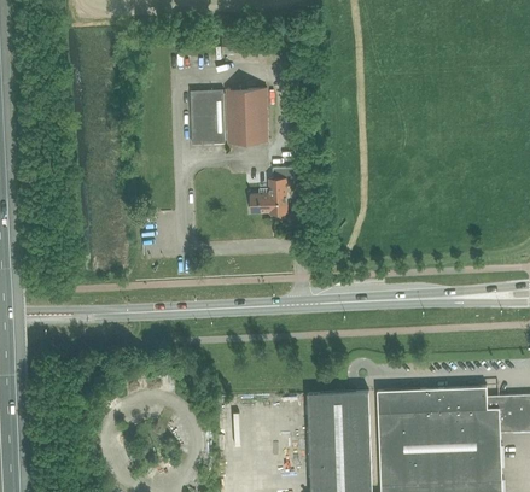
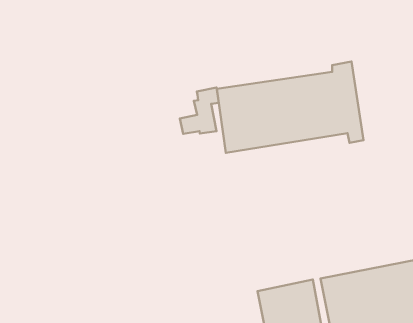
building: [191,90,268,146] -> none
building: none -> [217,61,363,153]

